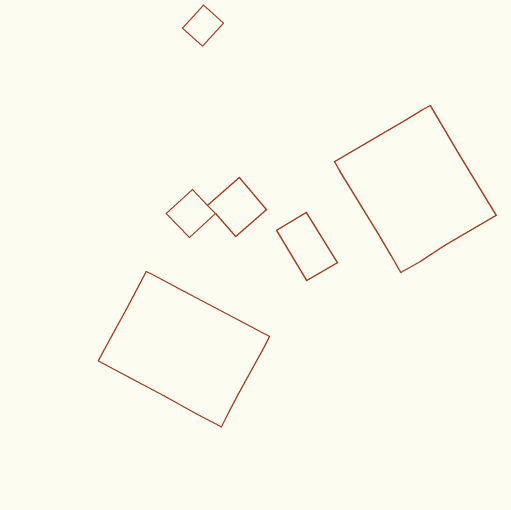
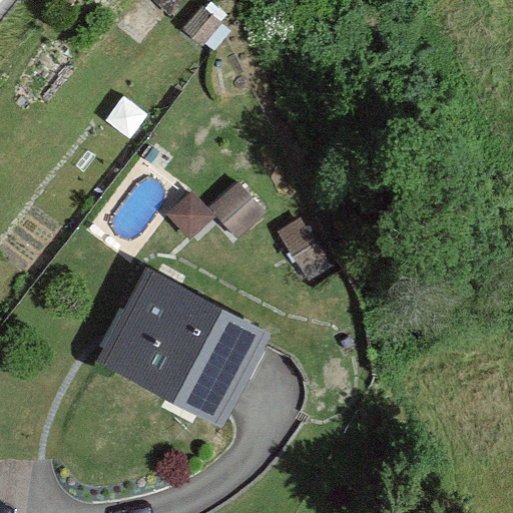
building: [335,106,496,273] -> none

